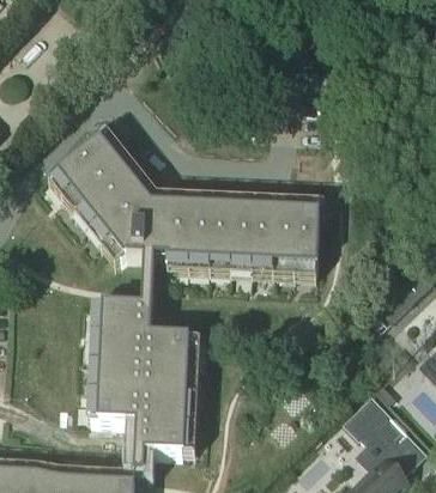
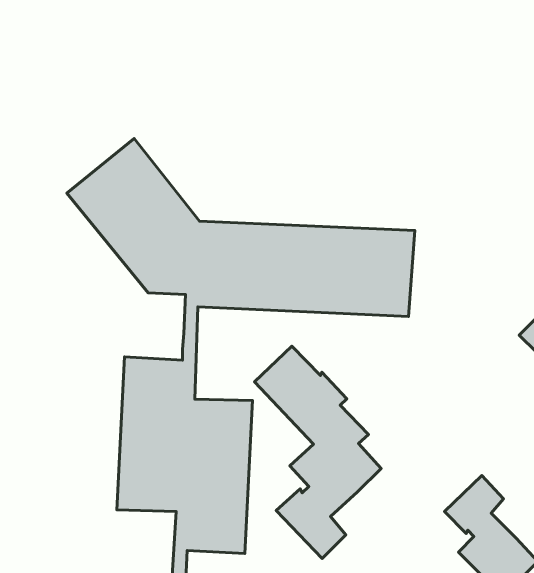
building: none -> [255,346,381,558]

